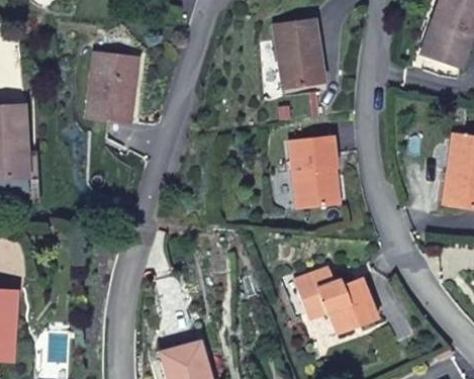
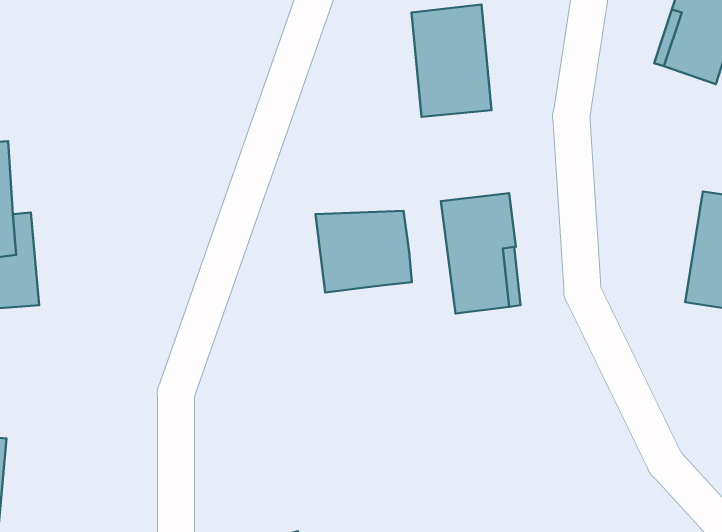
building: [88,51,135,119] -> none
building: none -> [316,211,412,293]
building: [297,273,380,338] -> none

